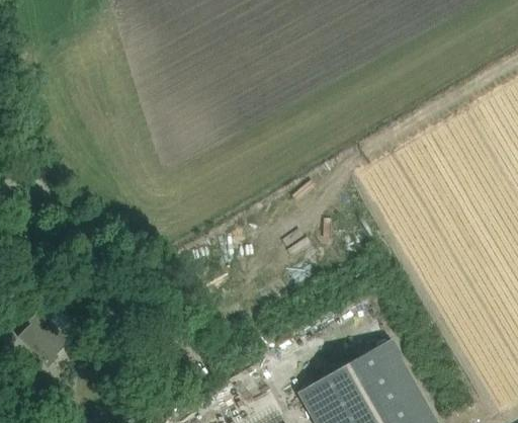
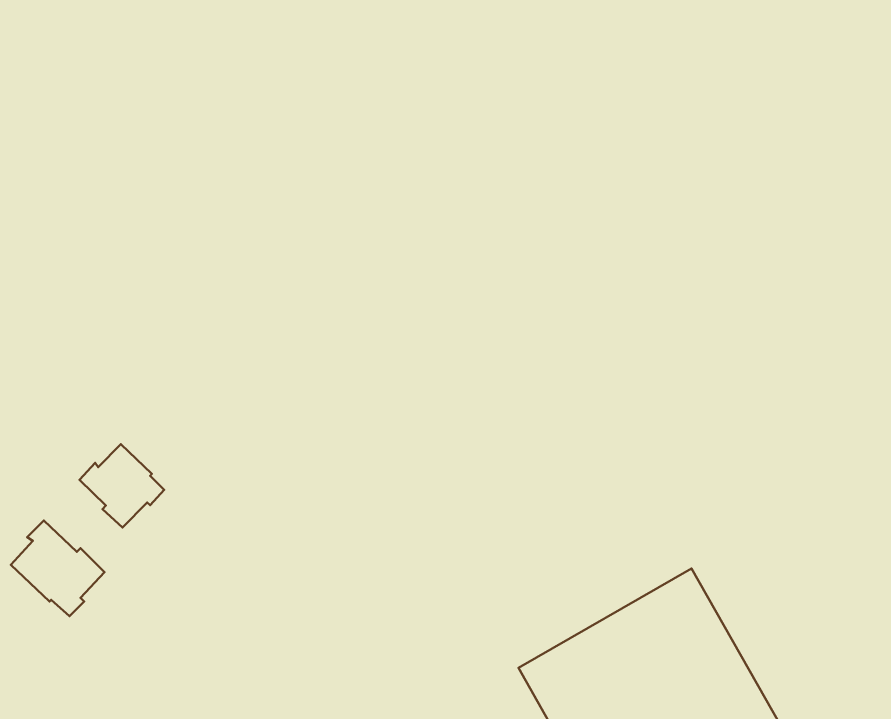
building: none -> [79,444,164,527]

